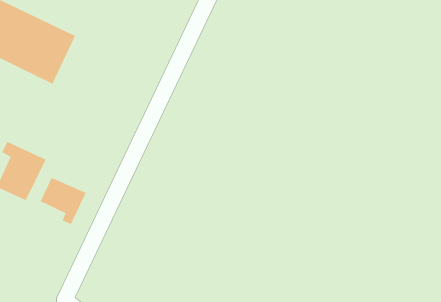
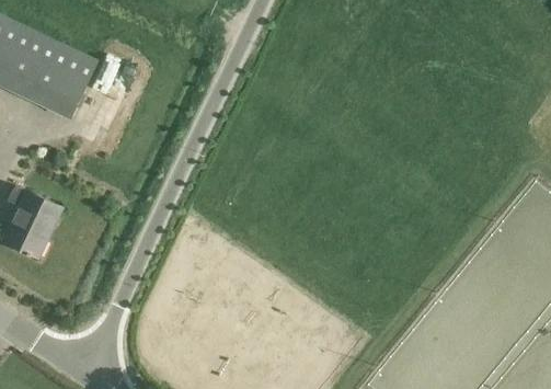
building: [40,177,86,225] -> none

